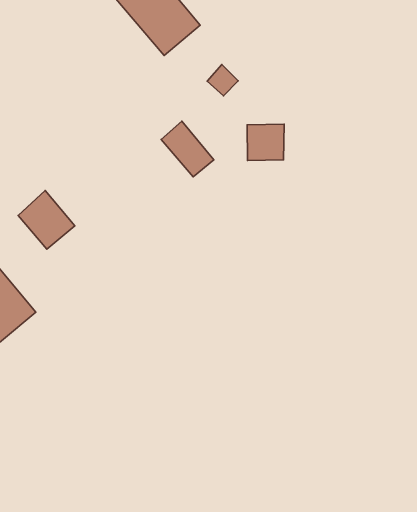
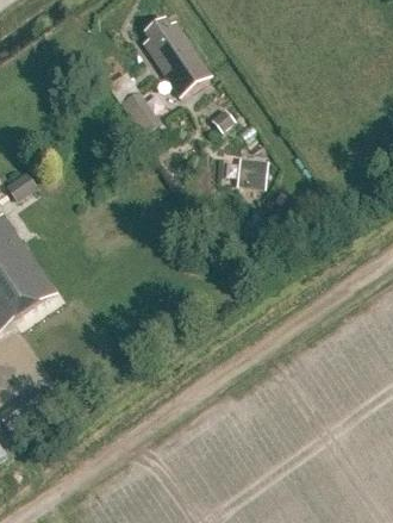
building: [161,121,214,177] -> [120,89,161,135]
building: [18,190,75,249] -> none

